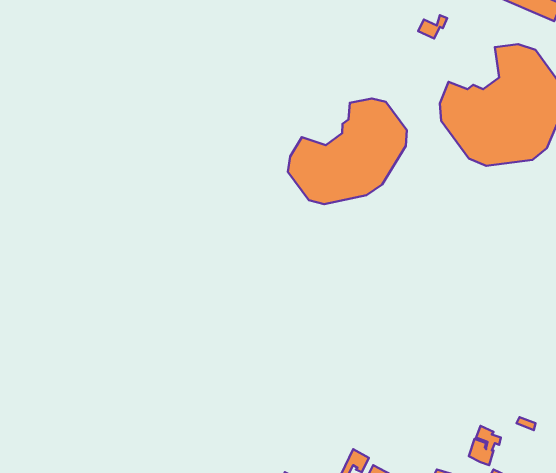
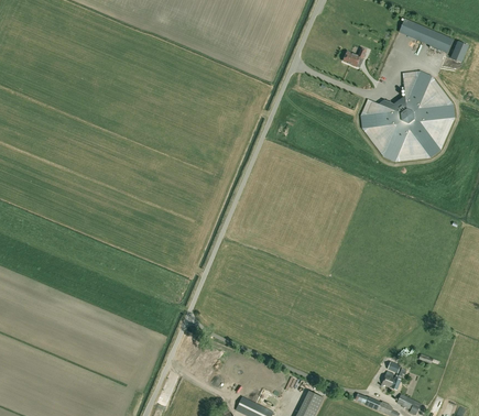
building: [288,98,407,204] -> none

